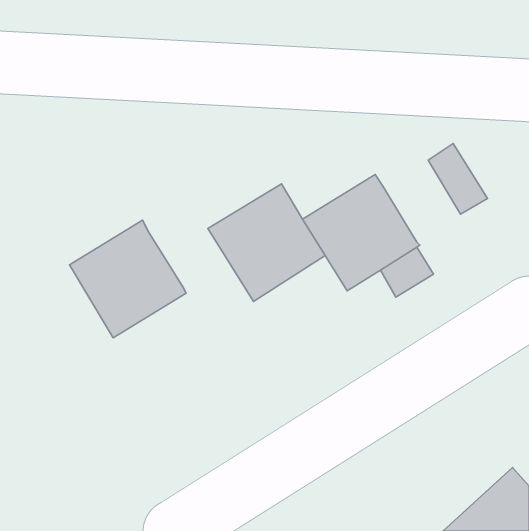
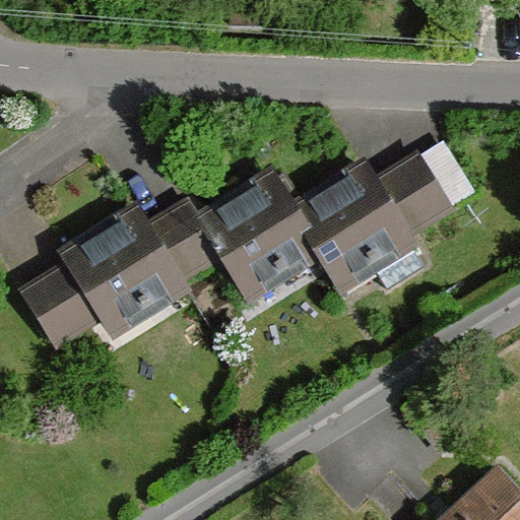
building: none -> [375,156,450,237]
building: none -> [145,200,222,280]
building: none -> [18,259,104,349]

